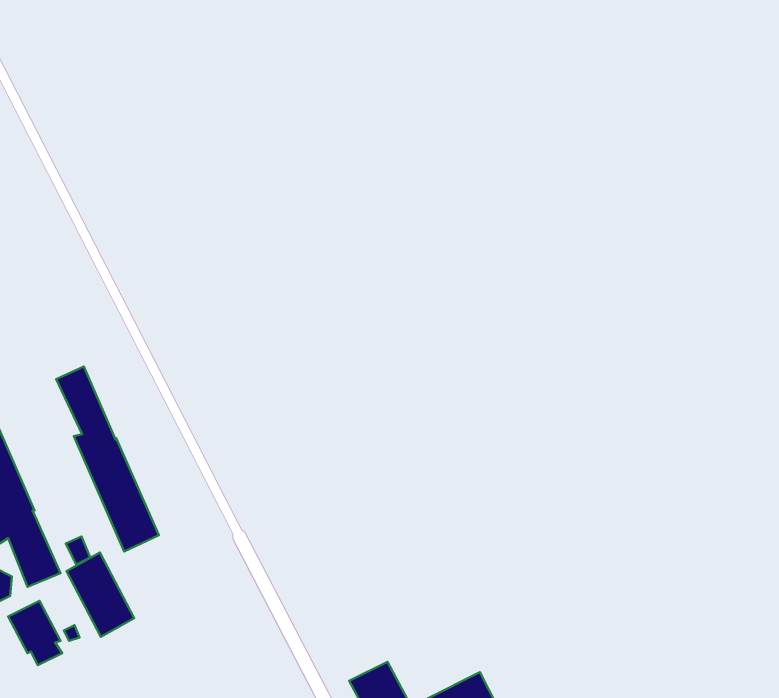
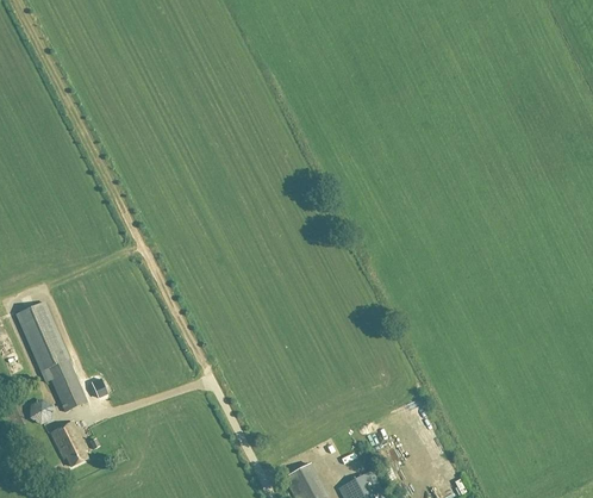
building: [56,367,159,551] -> none
building: [66,552,134,637] -> none

